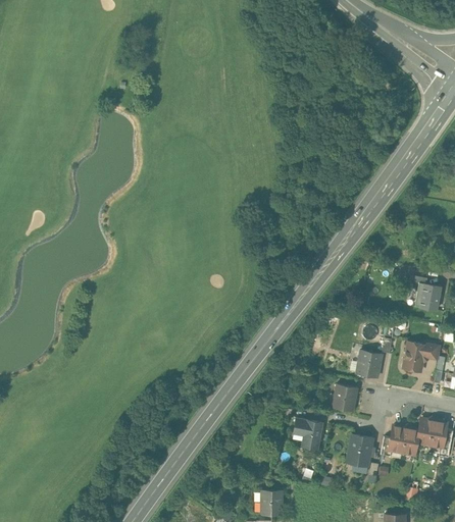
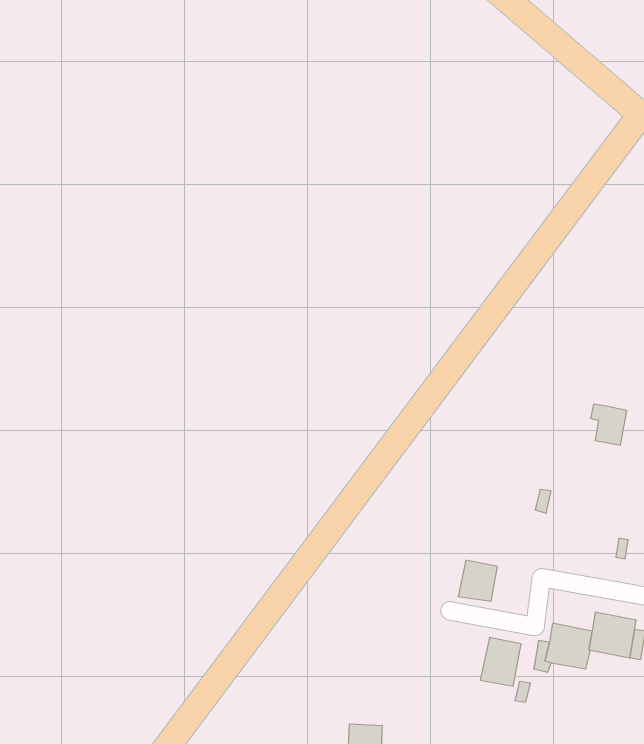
building: [402,344,441,373] -> none
building: [356,351,382,377] -> none
building: [293,418,322,449] -> none

